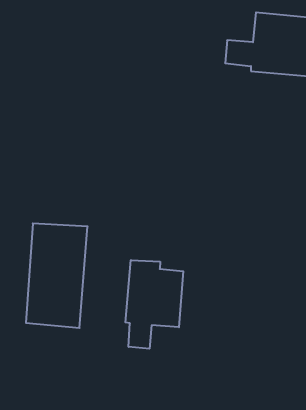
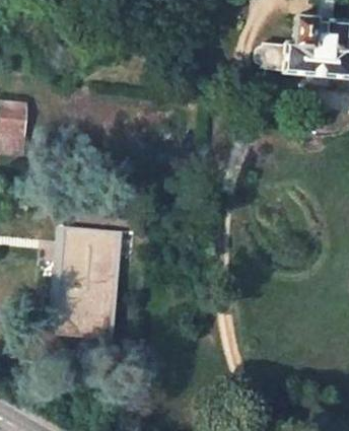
building: [125,260,183,349] -> none

